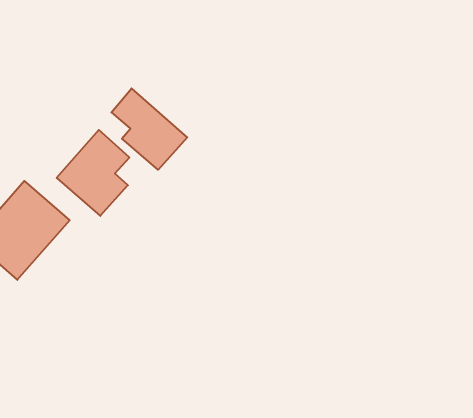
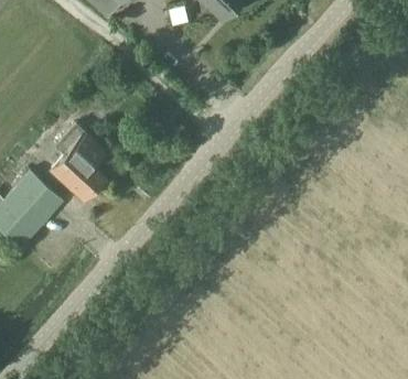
building: [111,88,187,170] -> none

